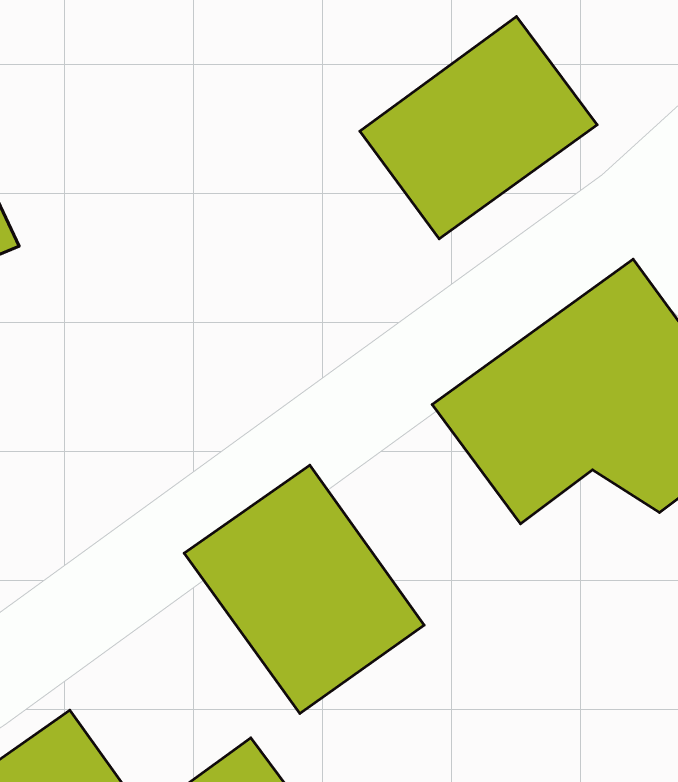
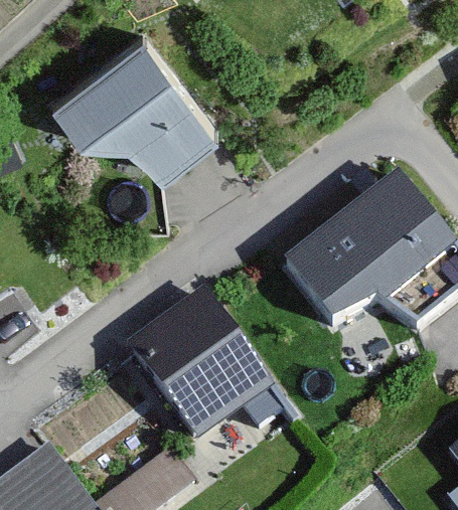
building: [360,16,597,239] -> none
building: none -> [55,26,217,165]

